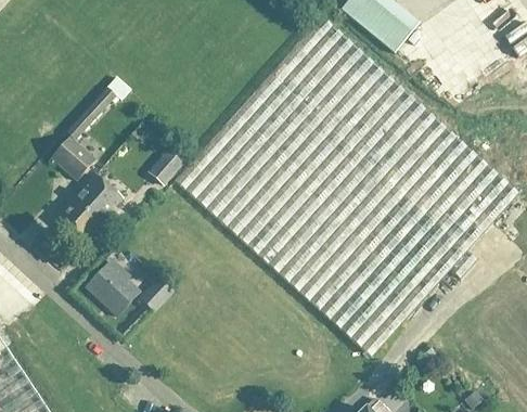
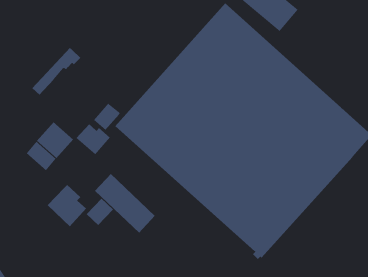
building: [52,139,94,180] -> none
building: none -> [76,123,110,155]
building: none -> [94,173,156,234]

